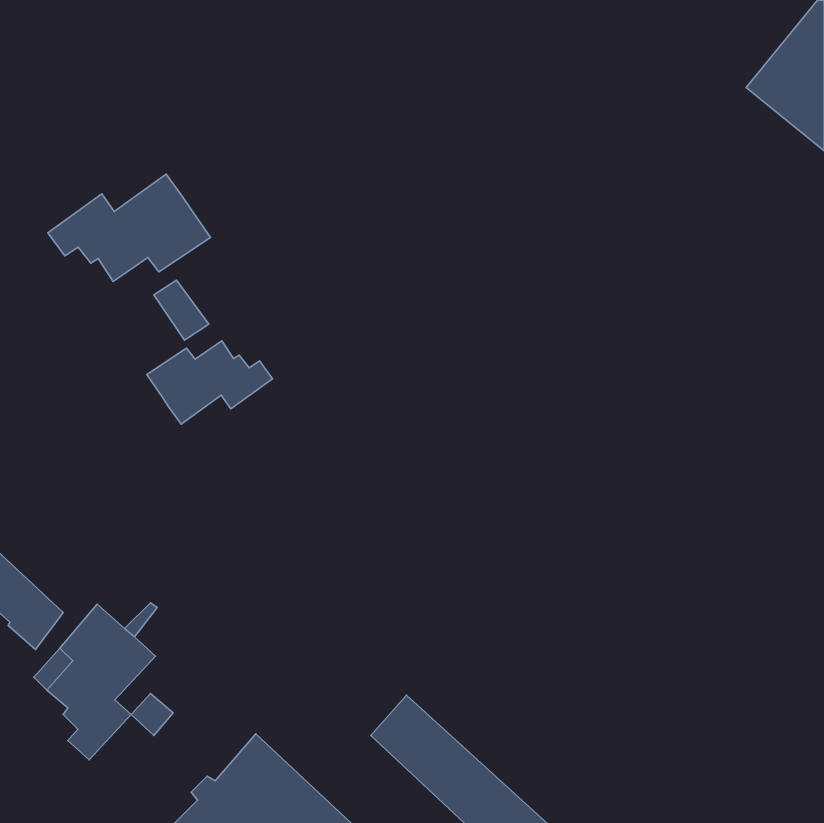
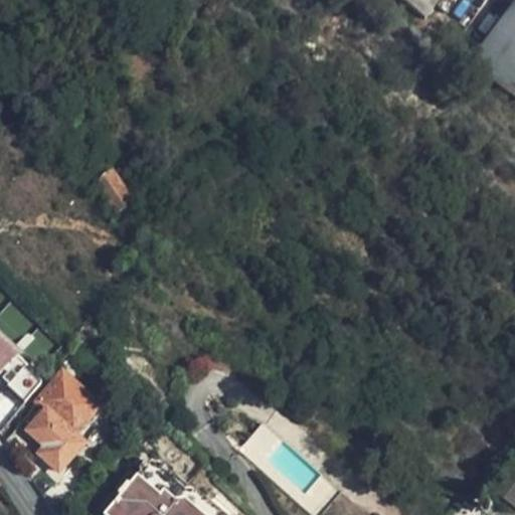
building: [48,174,210,281] -> none
building: [147,341,272,424] -> none

